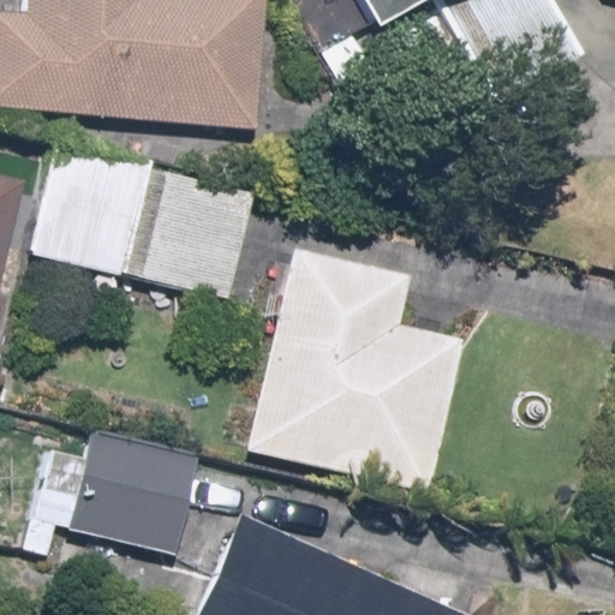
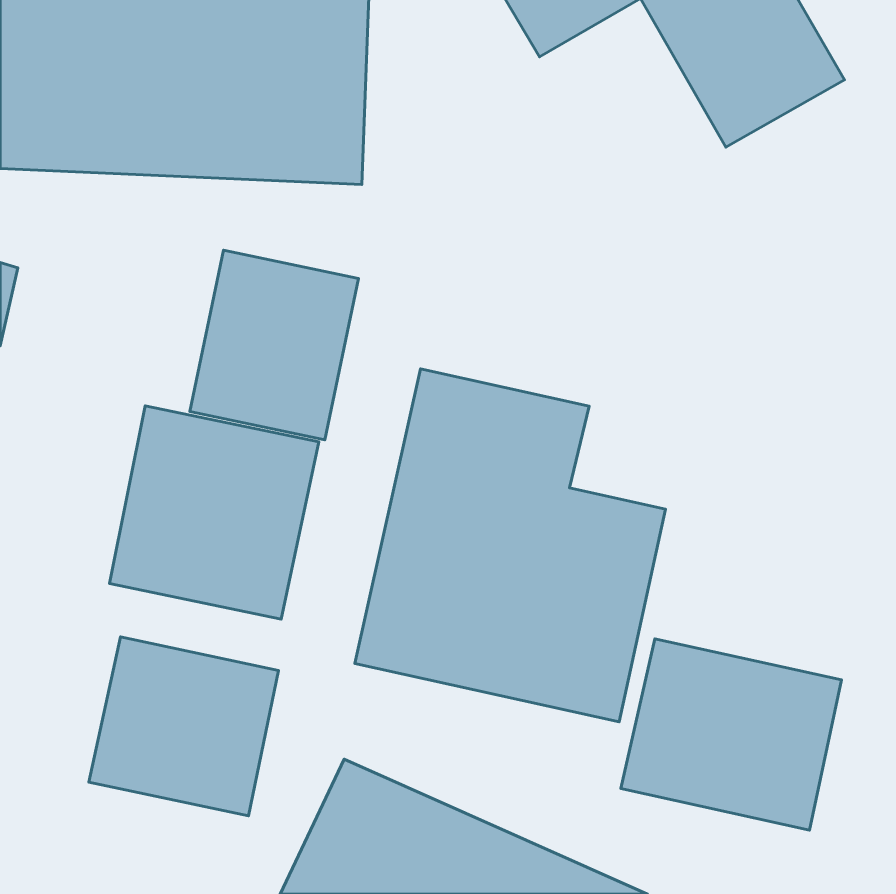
building: [35,145,143,273] -> none
building: none -> [109,406,319,619]
building: none -> [621,639,841,830]

